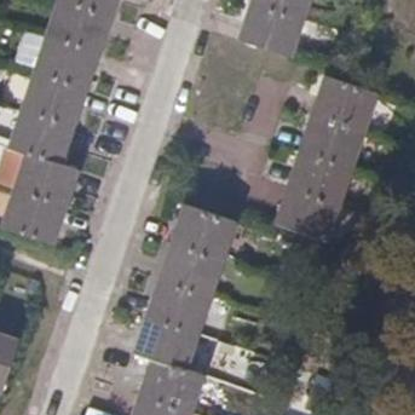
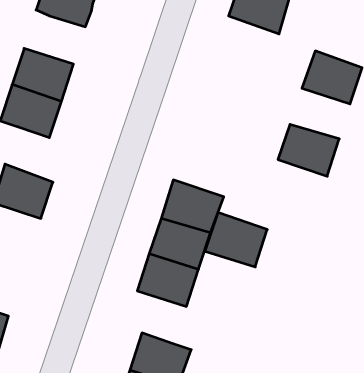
building: [35,34,97,88] -> none
building: [302,113,363,163] -> none
building: [16,151,77,207] -> none
building: [277,184,340,238] -> [205,213,267,267]
building: [137,316,198,369] -> none

